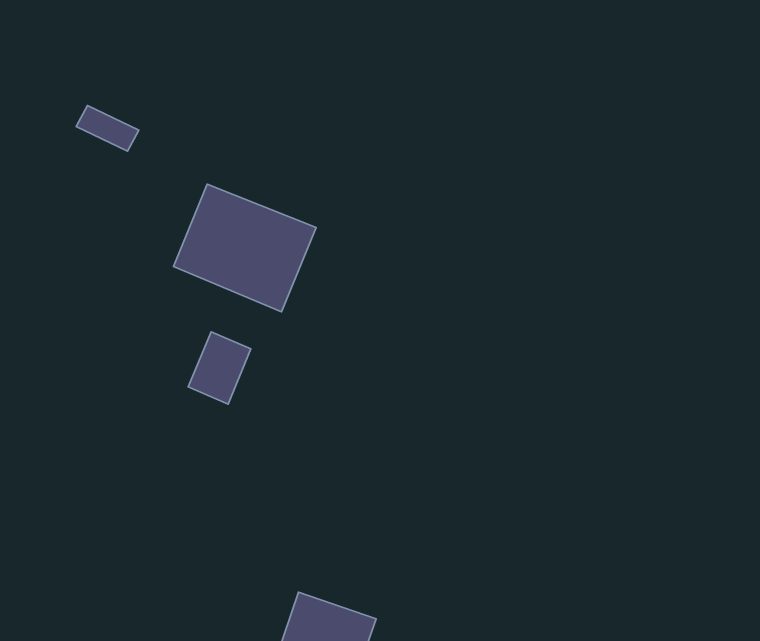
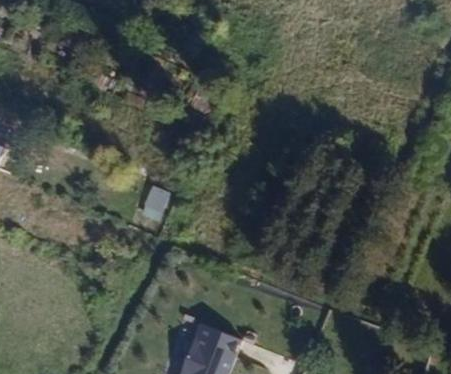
building: [174,184,316,312] -> none

